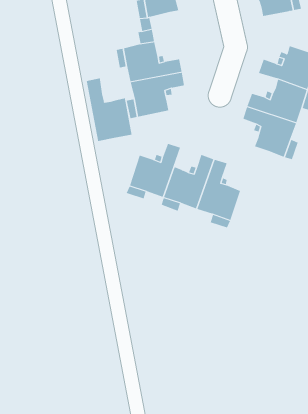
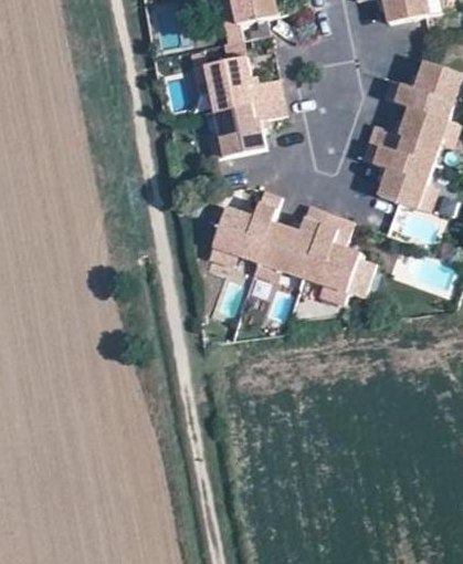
building: [86,78,132,142] -> none

